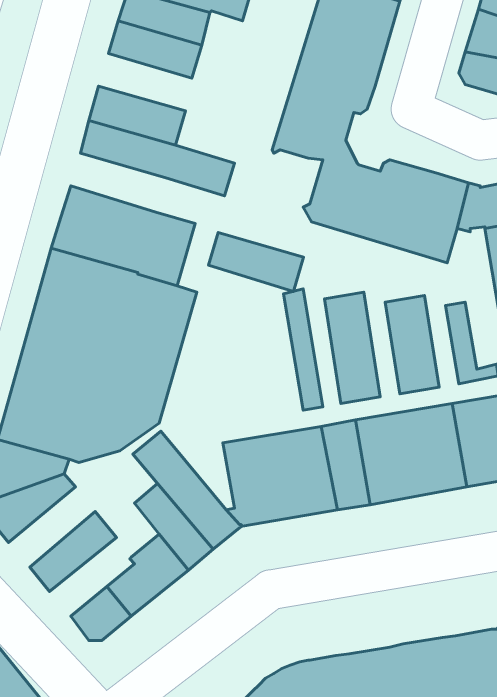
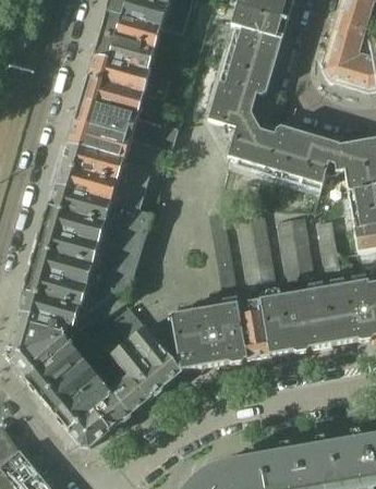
building: none -> [86,52,170,96]
building: [208,233,303,291] -> [68,119,131,158]
building: none -> [26,341,84,394]
building: none -> [53,375,110,427]

